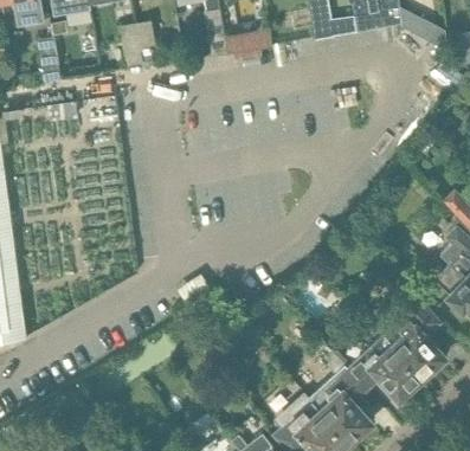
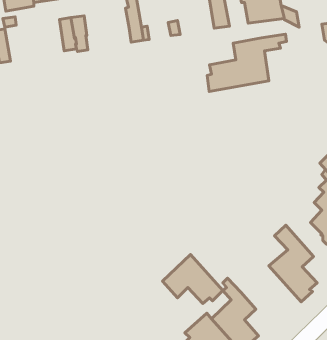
building: none -> [207,34,286,92]
building: [348,336,424,398] -> [162,255,223,304]

